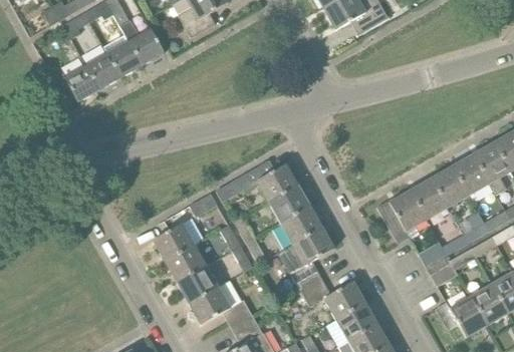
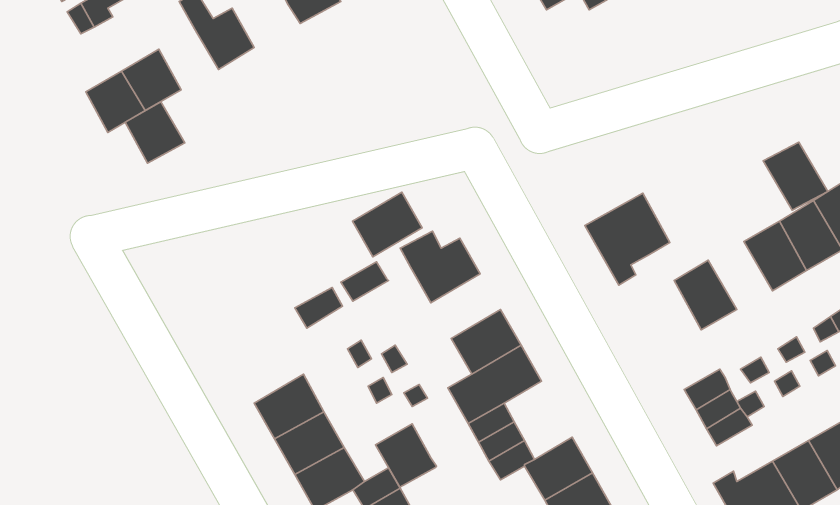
building: [108,40,144,76] -> [125,102,185,163]
building: [433,165,471,206] -> [763,142,828,210]
building: [269,185,310,223] -> [353,192,422,257]
building: [378,189,429,243] -> [585,193,670,285]
building: [153,223,194,261] -> none
building: none -> [376,424,436,487]

